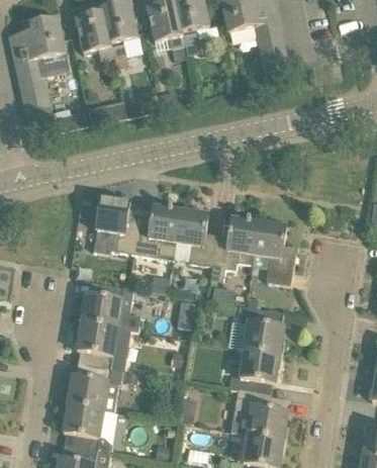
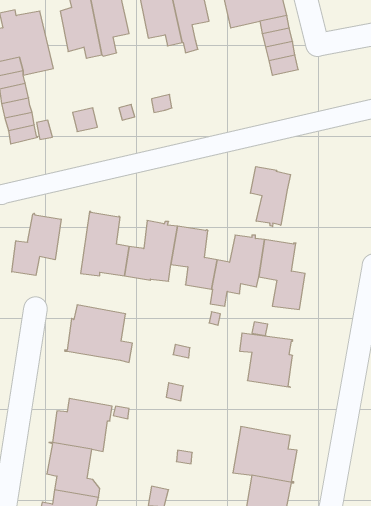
building: none -> [250,167,291,227]
building: none -> [12,213,61,275]
building: [76,321,128,371] -> none
building: [228,348,281,395] -> none

